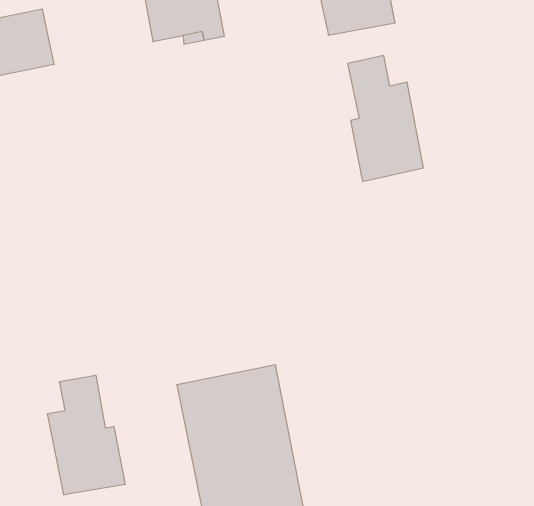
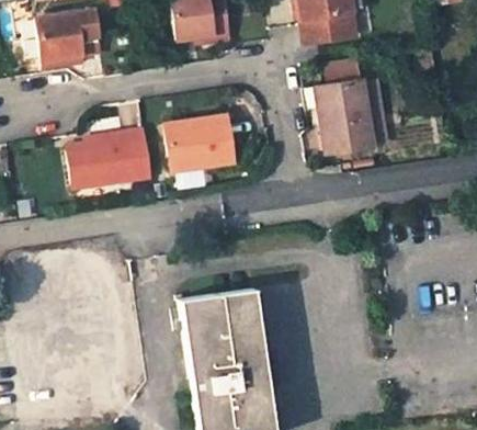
building: none -> [166,117,235,171]
building: none -> [68,131,151,190]
building: [48,375,125,495] -> none

